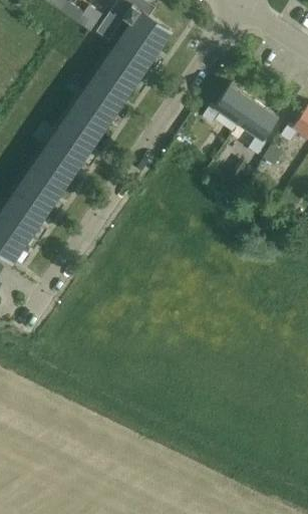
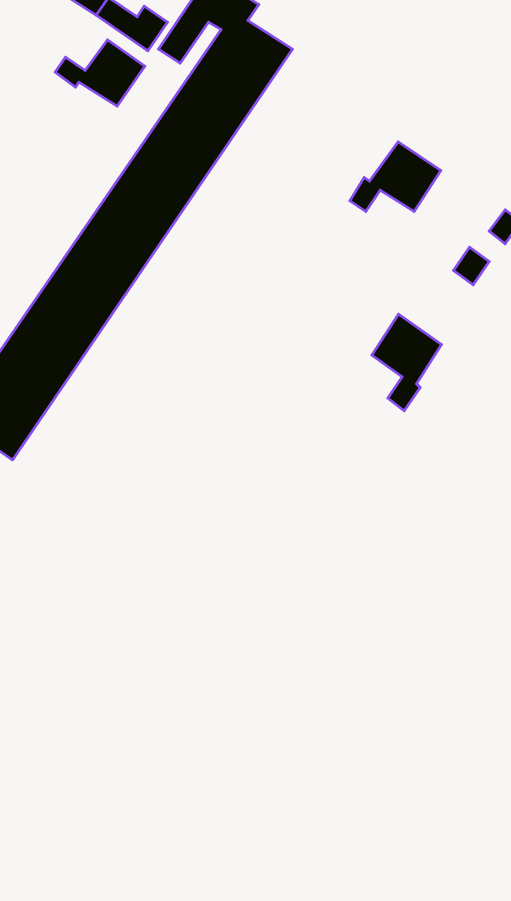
building: none -> [55,40,145,106]
building: [240,100,279,155] -> [372,314,442,411]

